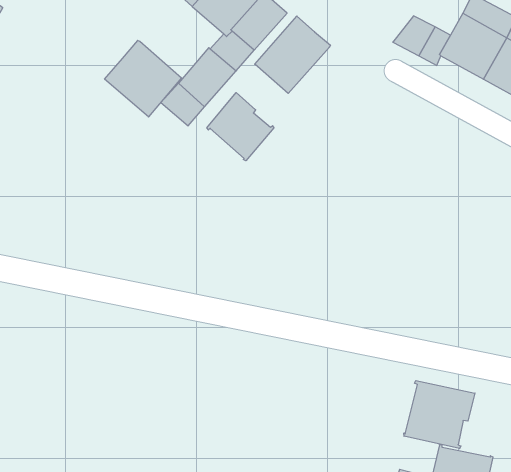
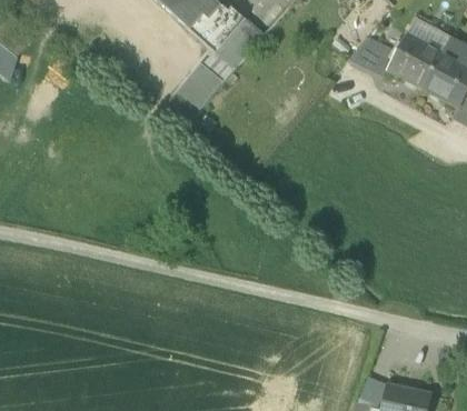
building: [255,16,330,93] -> none
building: [105,40,182,117] -> none
building: [207,93,274,161] -> none
building: [404,381,475,449] -> none

